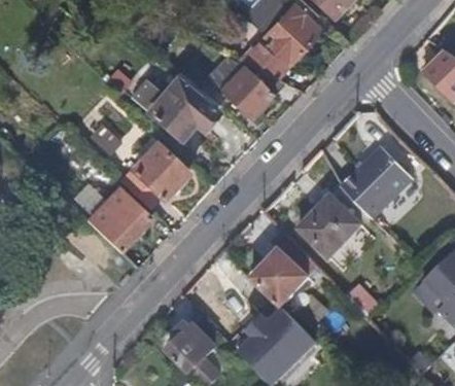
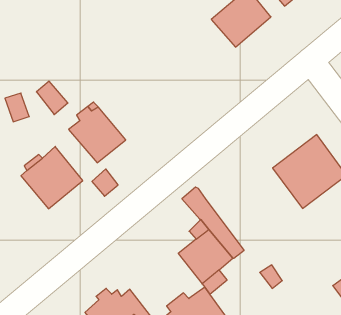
building: [220,66,286,119] -> none
building: [130,75,215,137] -> none
building: [299,197,363,260] -> none

